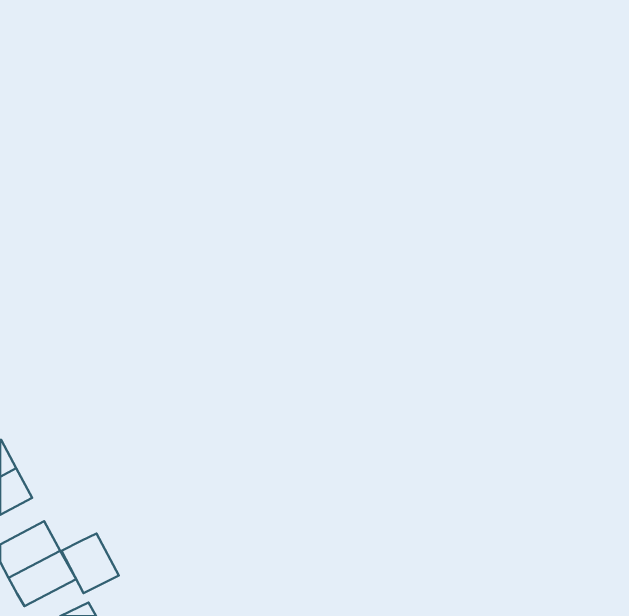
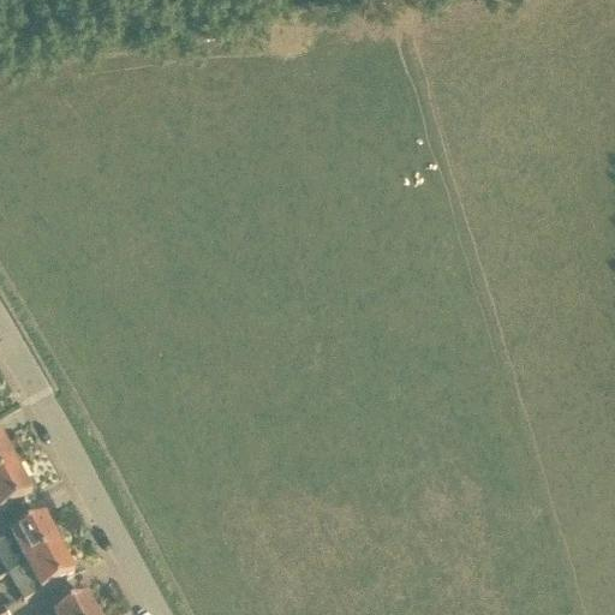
building: [62,533,119,593] -> none

